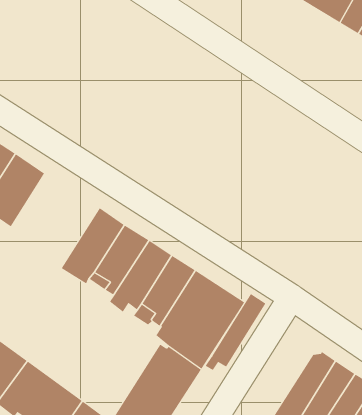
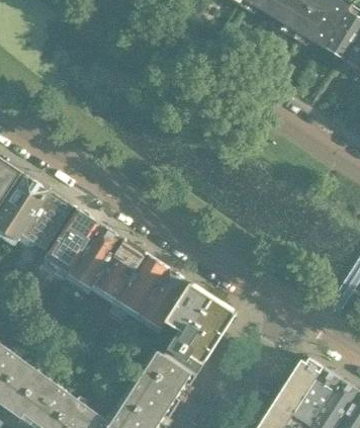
building: none -> [16,191,72,256]
building: none -> [47,208,98,279]
building: [205,293,266,371] -> none

